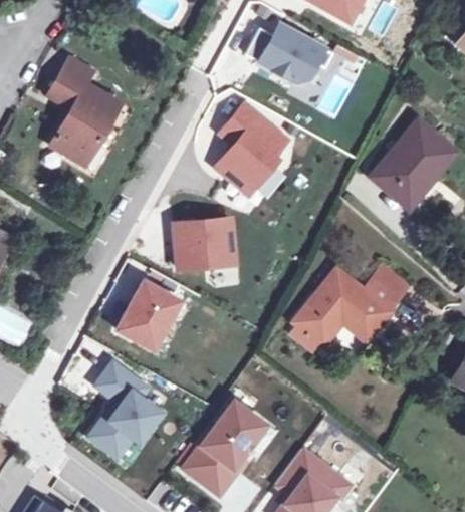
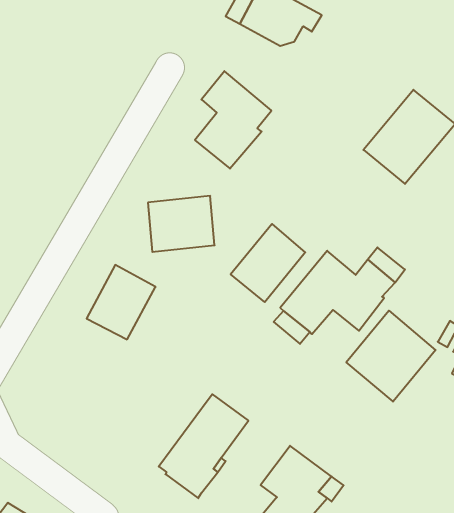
building: [47,58,120,166] -> none
building: none -> [231,224,305,302]
building: none -> [346,311,436,402]
building: [88,363,160,459] -> none

